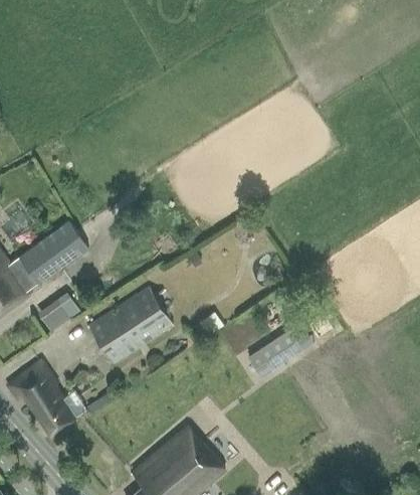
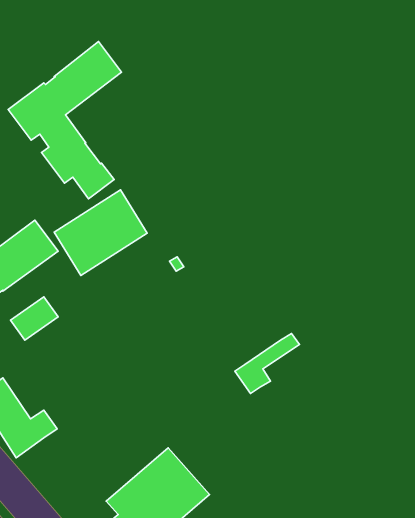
building: none -> [8,42,122,199]
building: [89,286,174,363] -> [54,190,147,276]

